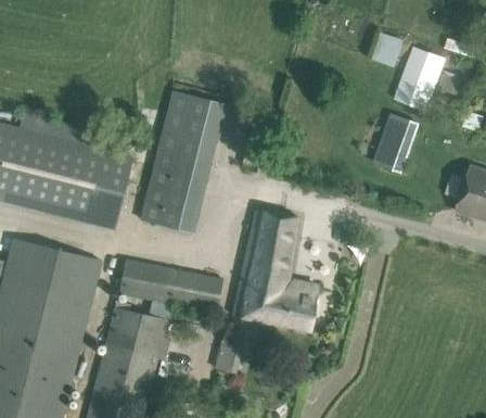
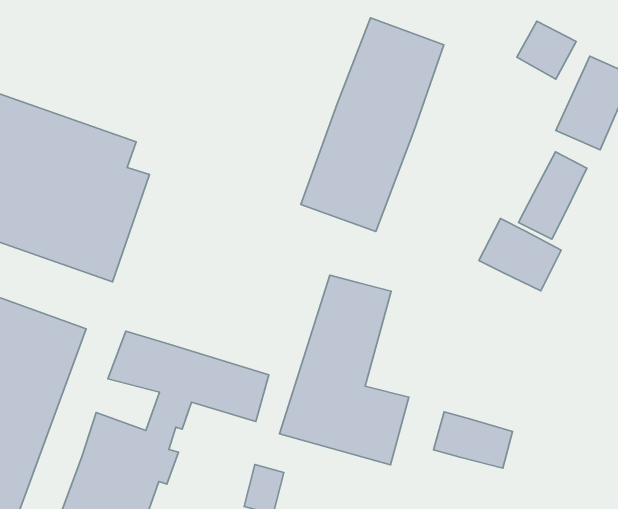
building: [141,91,225,231] -> [301,18,444,232]
building: none -> [479,218,561,291]
building: none -> [434,412,513,468]

